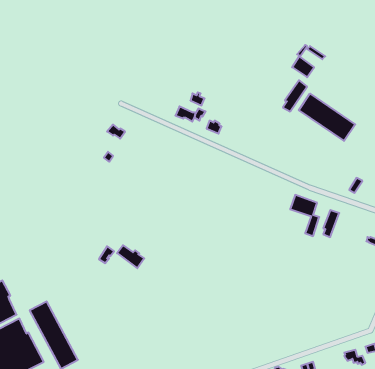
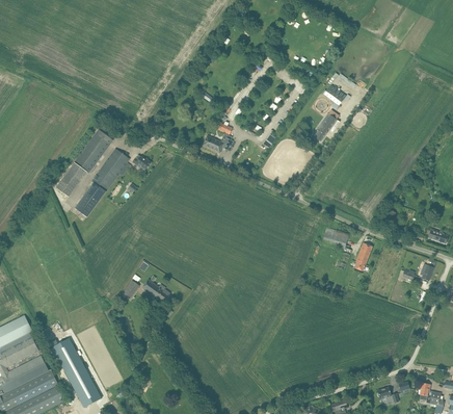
building: [299,94,355,141] -> none
building: none -> [56,129,113,197]
building: none -> [75,148,131,216]

